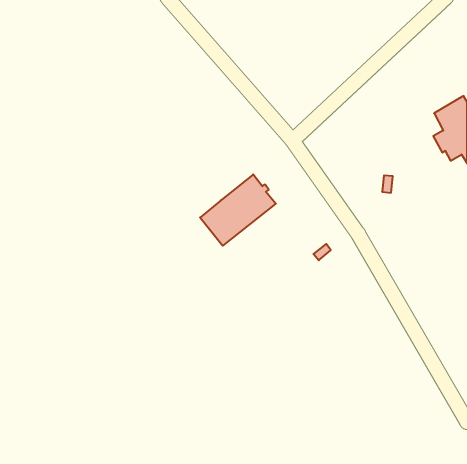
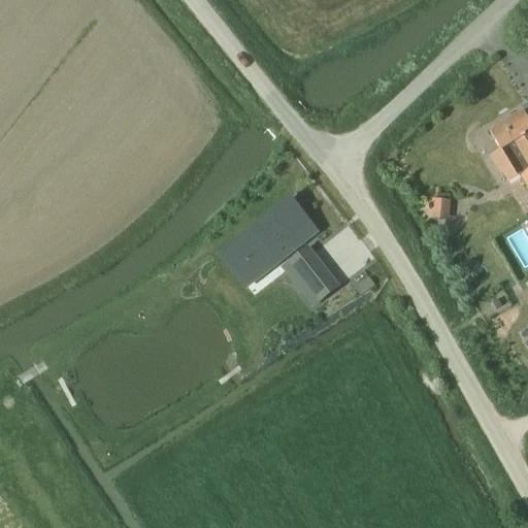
building: none -> [289,245,338,299]

